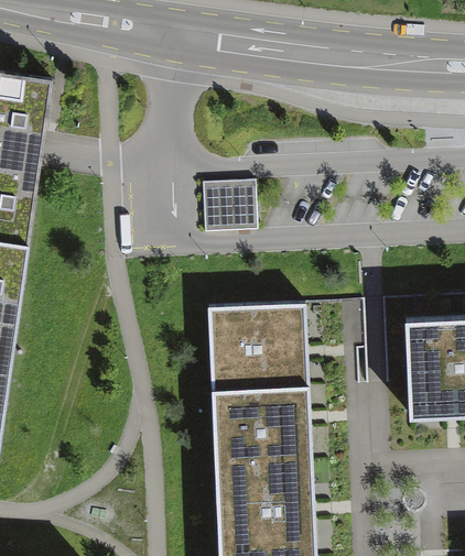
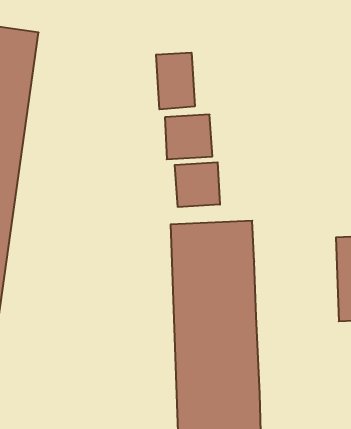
building: none -> [156,53,195,109]
building: none -> [175,162,220,207]

